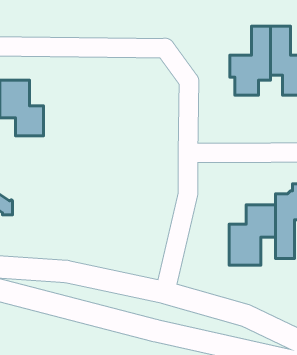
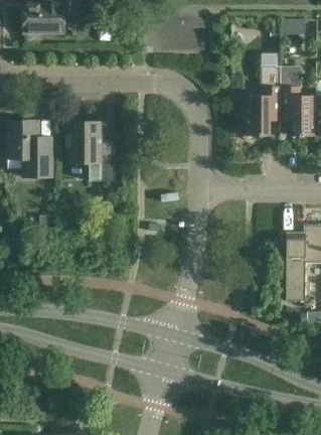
building: none -> [67,121,114,181]
building: [229,205,276,265] -> none

